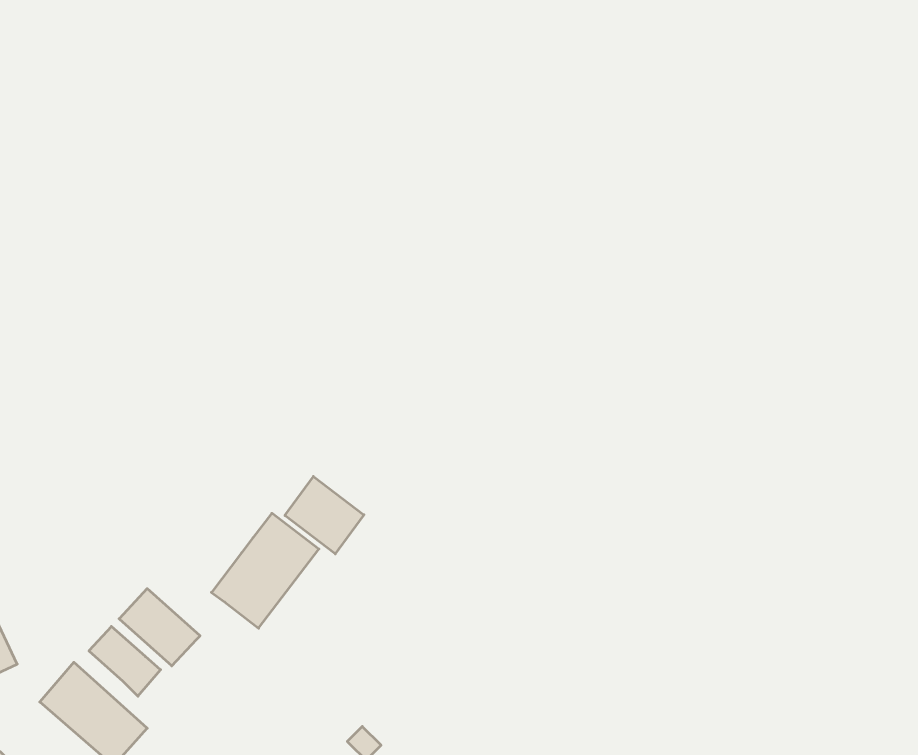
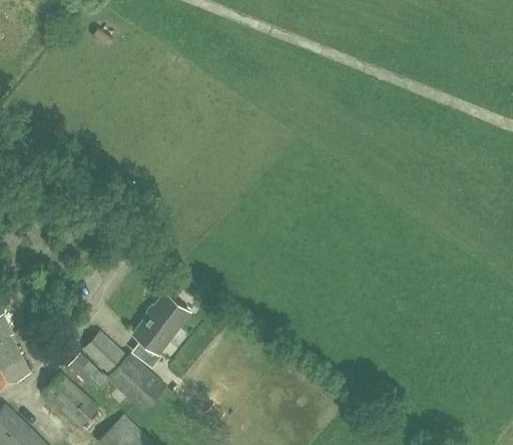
building: [285,476,364,554] -> none
building: none -> [108,354,165,411]

